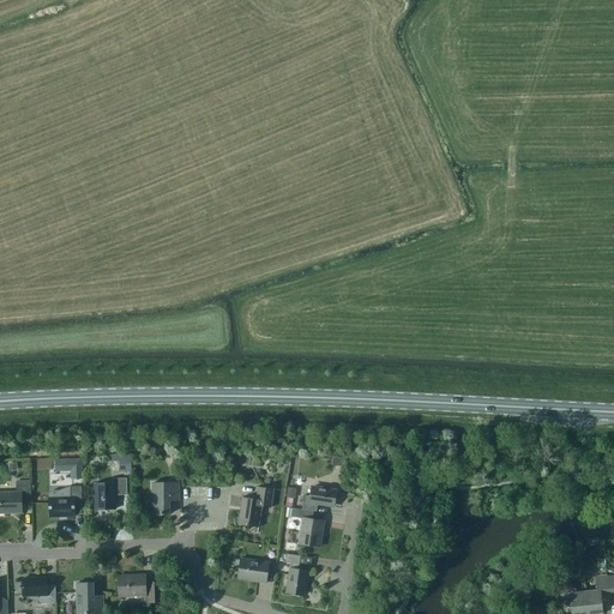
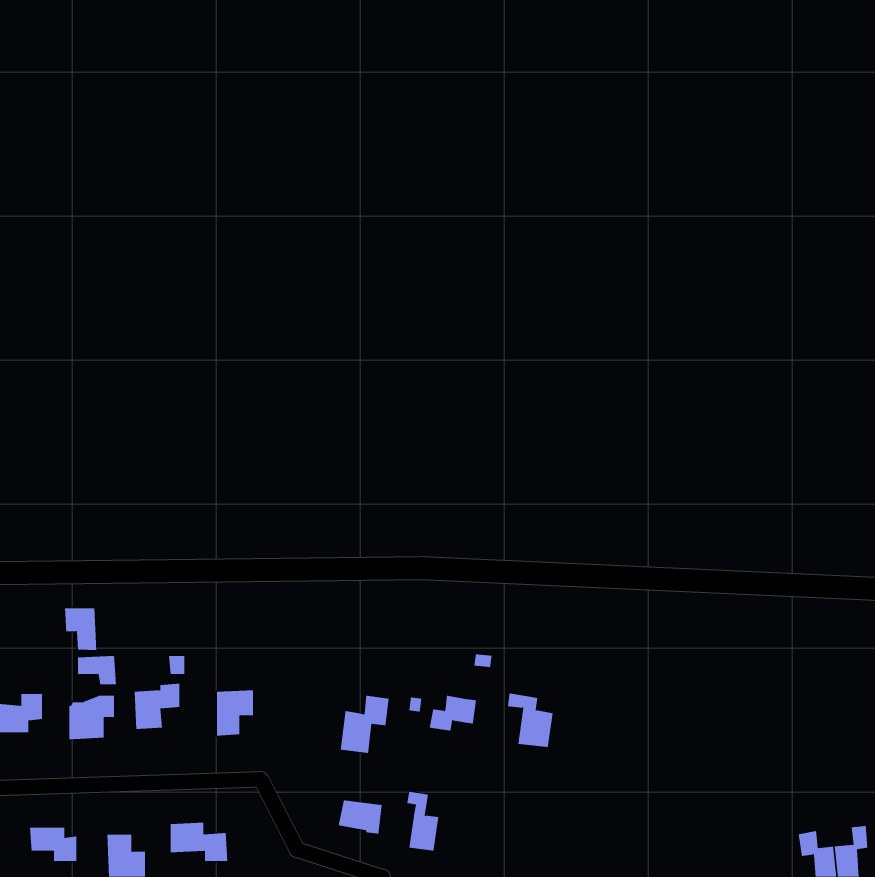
building: none -> [65,607,97,651]
building: [290,507,323,546] -> [507,693,553,748]

